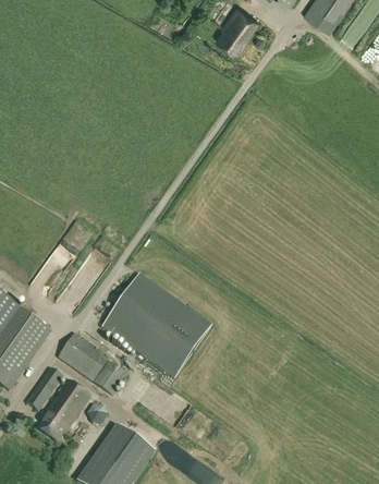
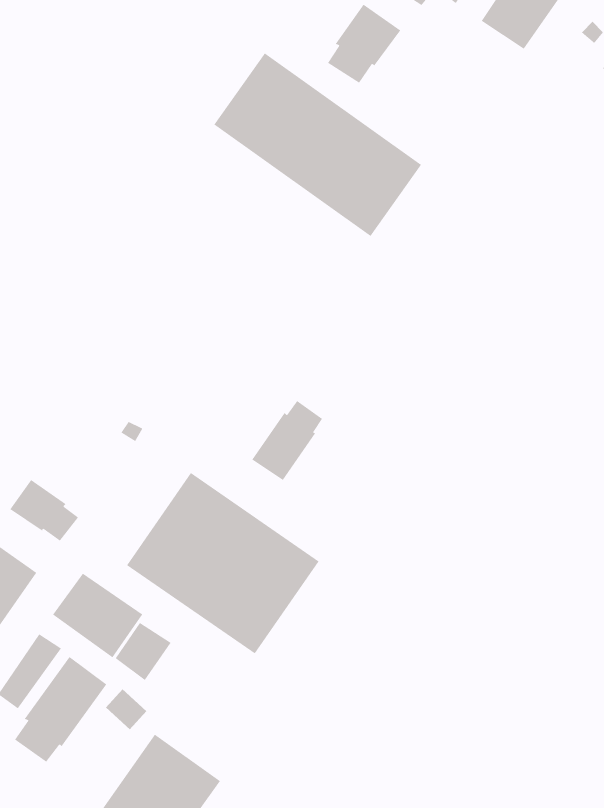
building: none -> [213,52,422,237]
building: none -> [251,400,323,481]
building: none -> [10,479,79,542]

